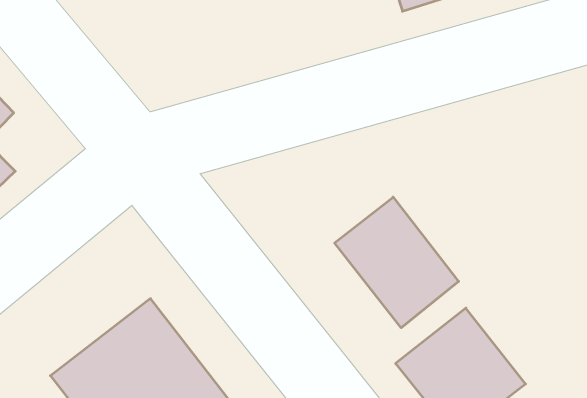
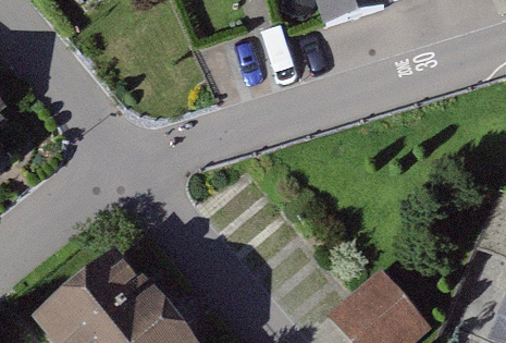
building: [335,197,459,328] -> none

